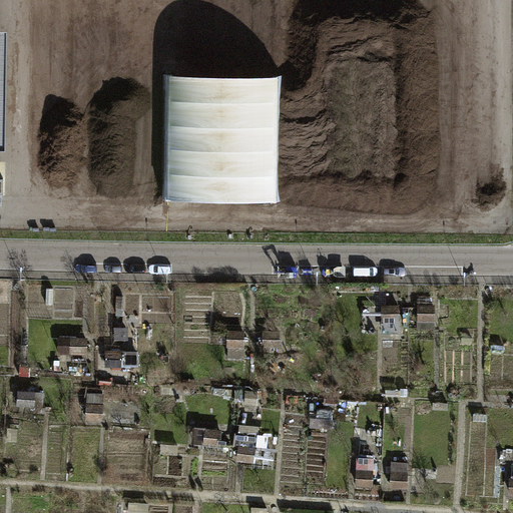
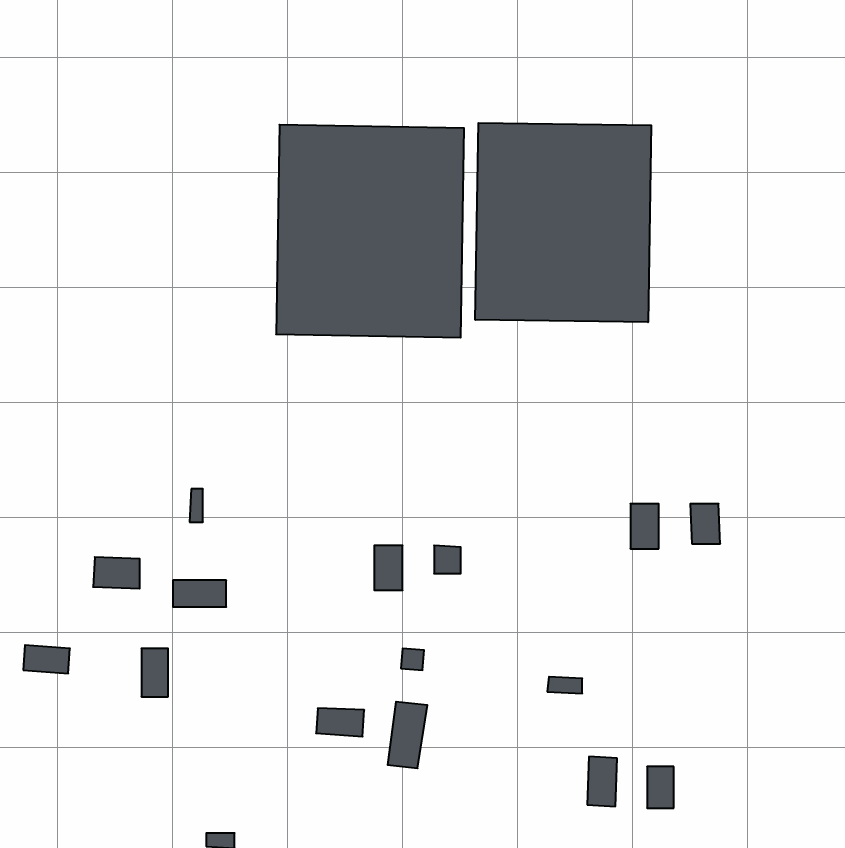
building: none -> [475,123,651,322]

